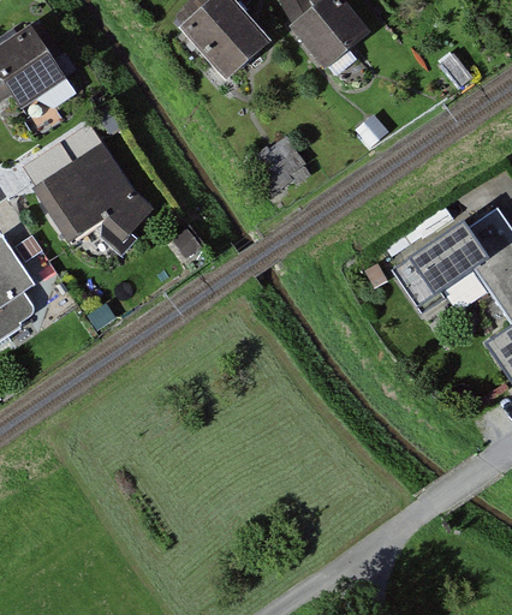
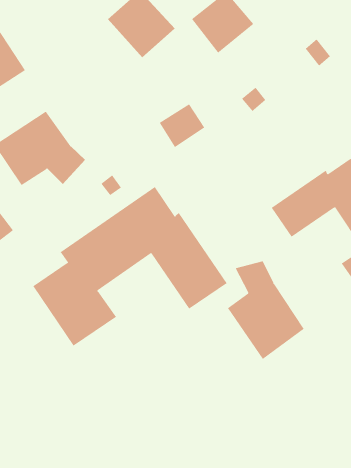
building: none -> [32,186,227,347]
building: none -> [227,260,305,360]

